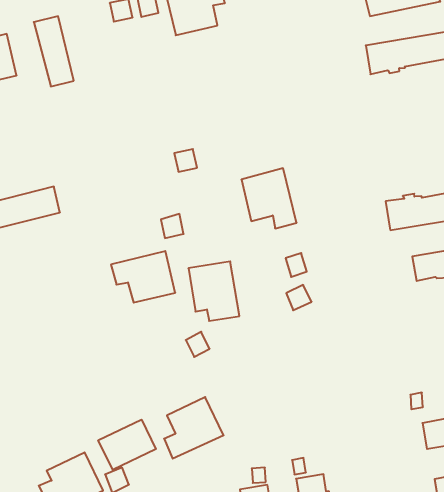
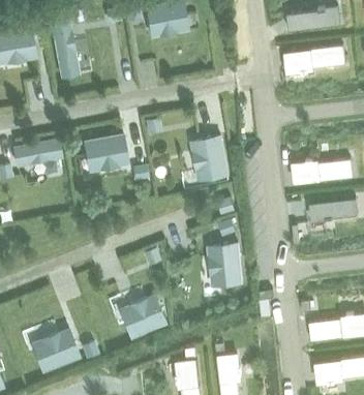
building: [111,251,175,303] -> [84,134,128,170]
building: [188,261,239,321] -> [208,243,242,284]
building: [98,420,156,470] -> none

